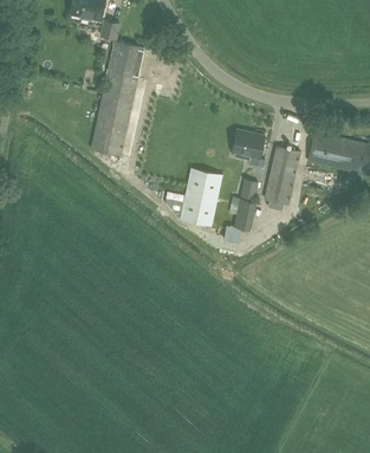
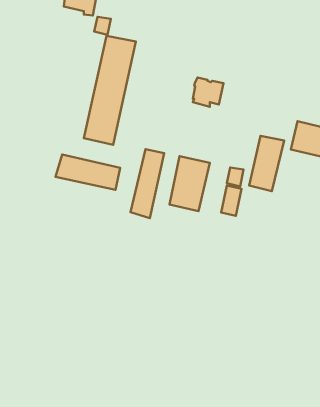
building: [232,130,264,161] -> [193,78,223,107]
building: none -> [131,149,164,218]
building: none -> [56,155,120,190]

